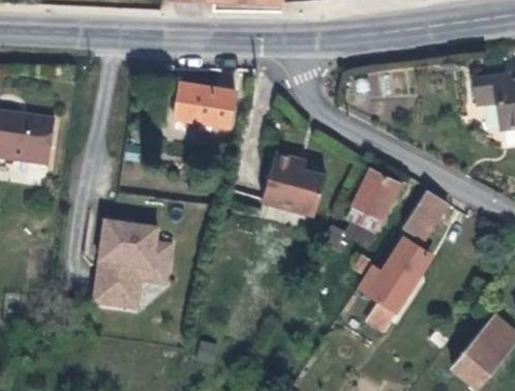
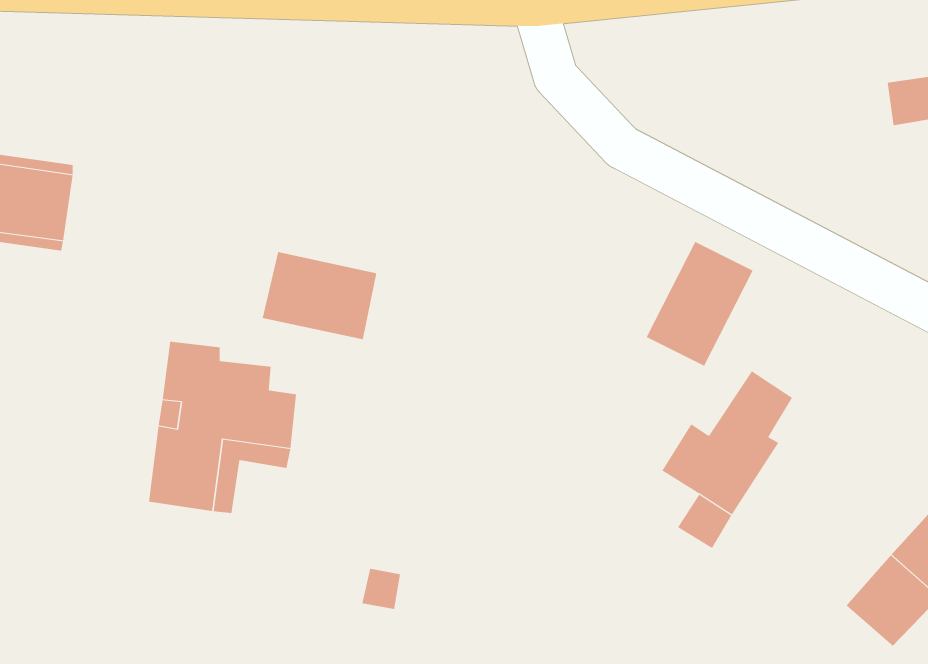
building: [174,81,235,127] -> [262,252,377,340]
building: [265,153,328,213] -> none
building: [402,186,446,233] -> none

